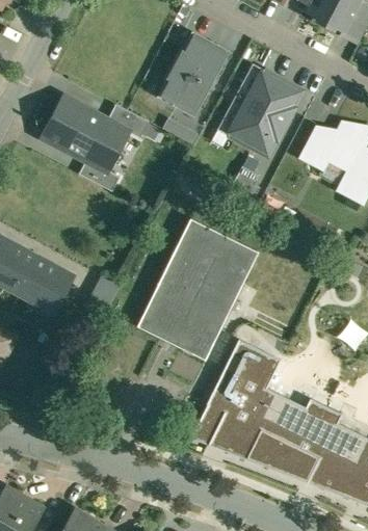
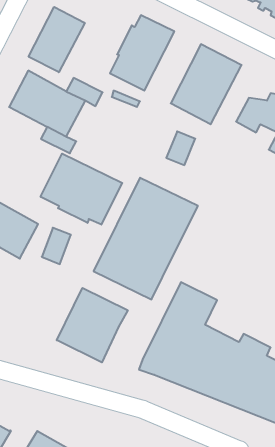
building: none -> [29,7,85,72]
building: none -> [41,154,122,225]
building: none -> [57,288,128,362]

